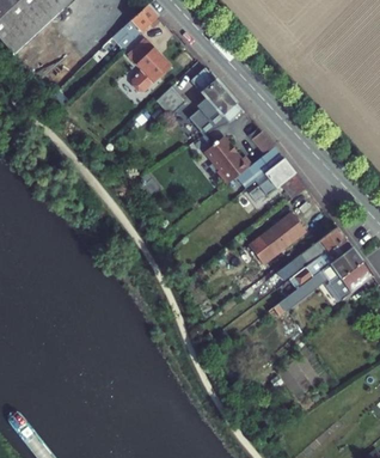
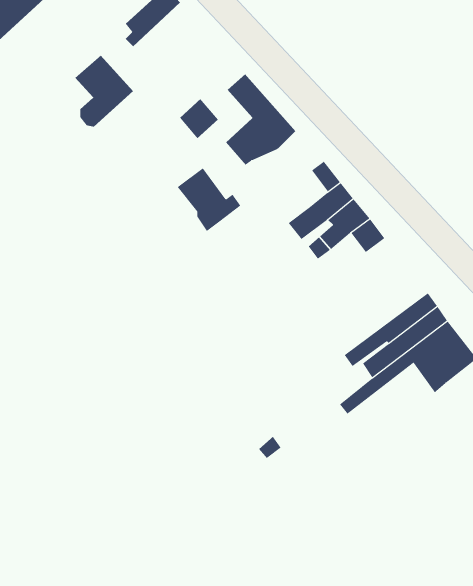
building: [127,39,170,92] -> [74,55,134,127]
building: [203,138,250,184] -> [177,167,241,232]
building: [247,213,305,264] -> none

